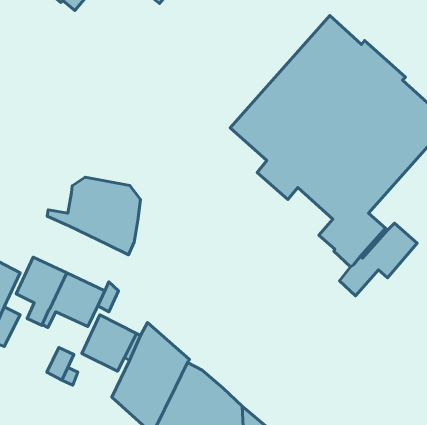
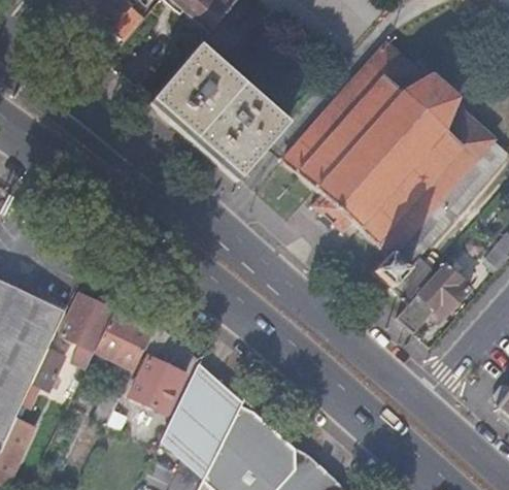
building: none -> [150,43,287,177]
building: [47,177,141,255] -> none

